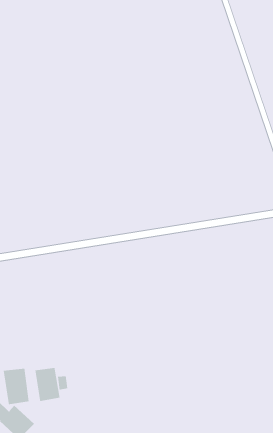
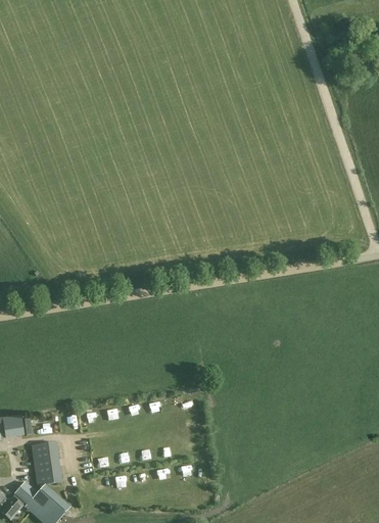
building: [35,367,60,402] -> none

